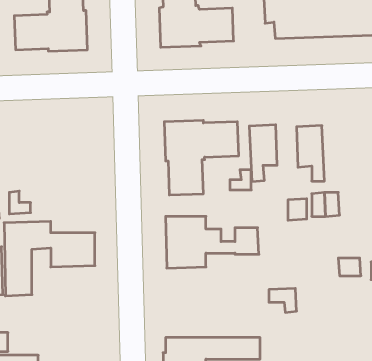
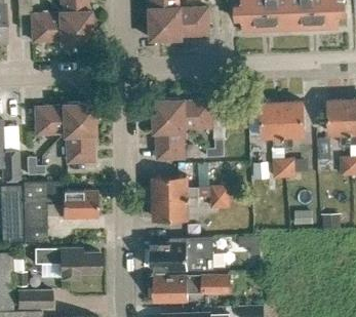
building: none -> [35,103,95,163]
building: [249,125,277,182] -> [282,103,305,149]
building: none -> [152,236,213,271]
building: none -> [34,248,100,277]

